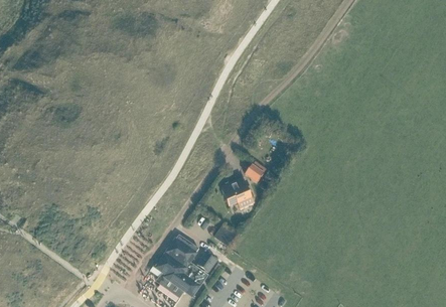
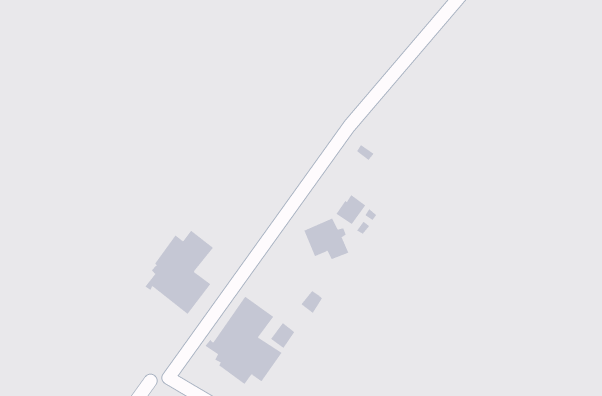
building: none -> [144,230,214,315]

